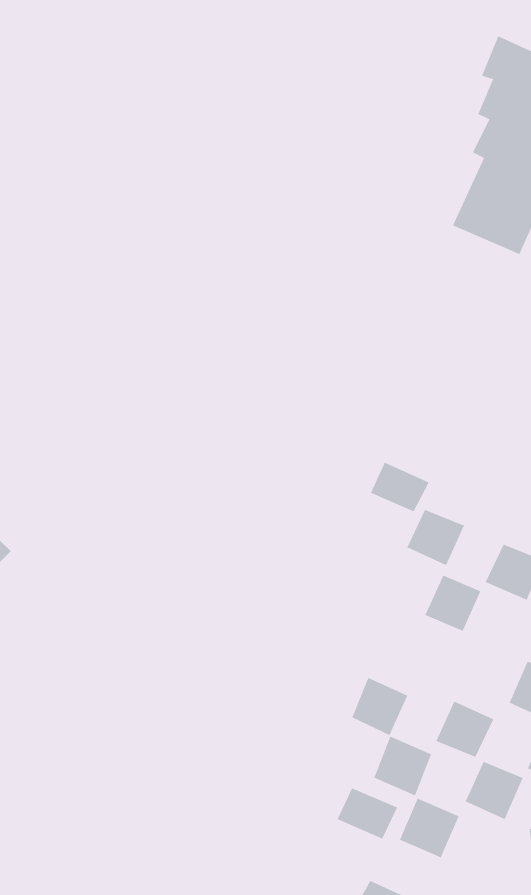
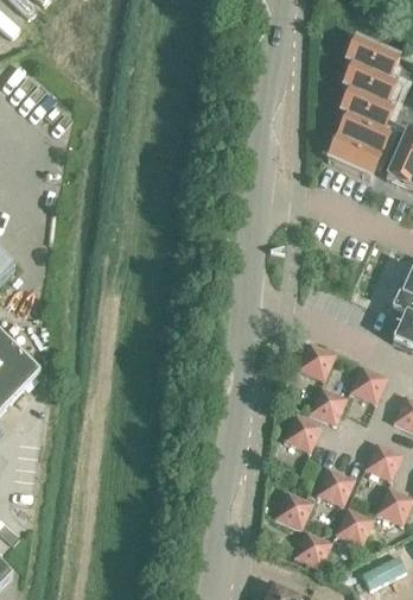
building: [370,462,430,512] -> none
building: [352,677,408,736] -> [284,415,320,453]
building: [337,787,398,839] -> none

